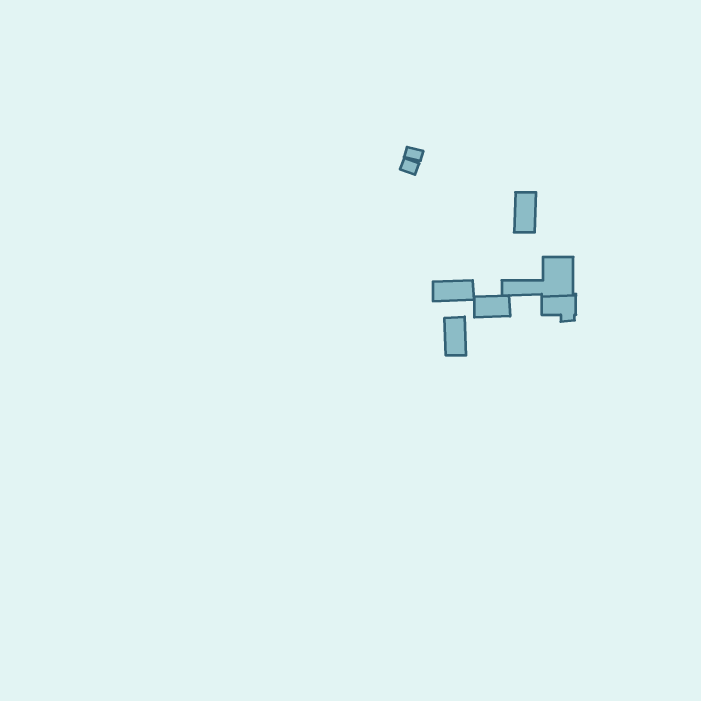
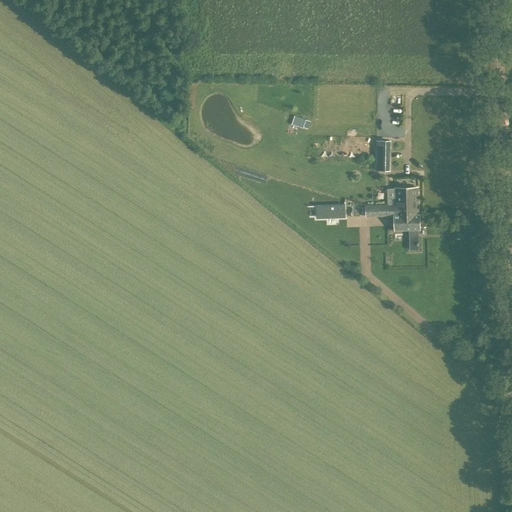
building: [474,295,510,317] -> none
building: [445,317,466,355] -> none

